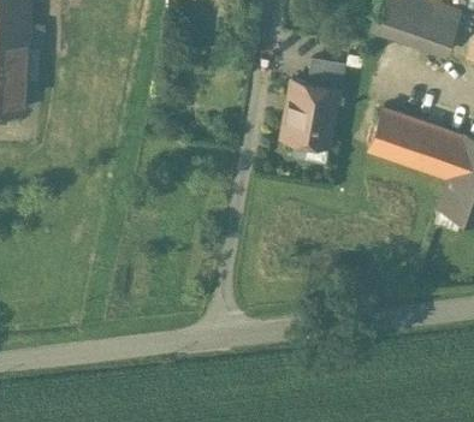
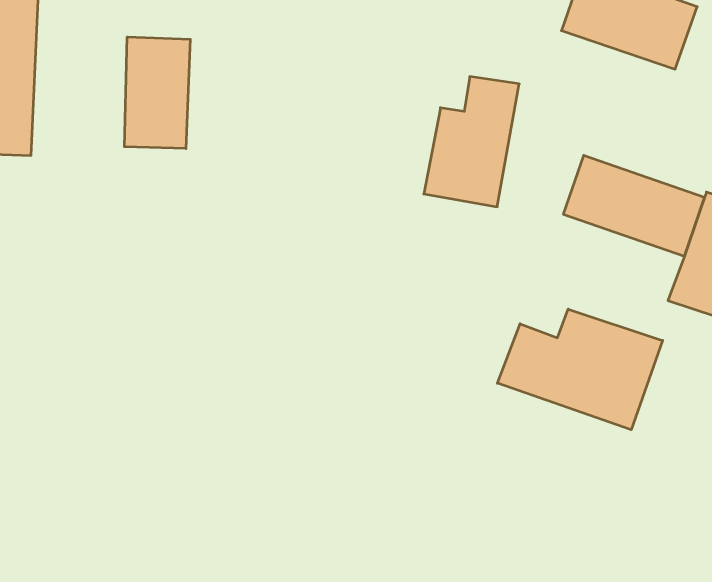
building: none -> [124,37,190,149]
building: none -> [497,309,663,430]

